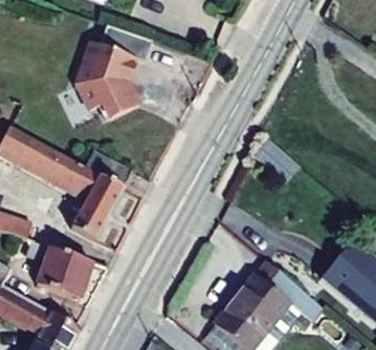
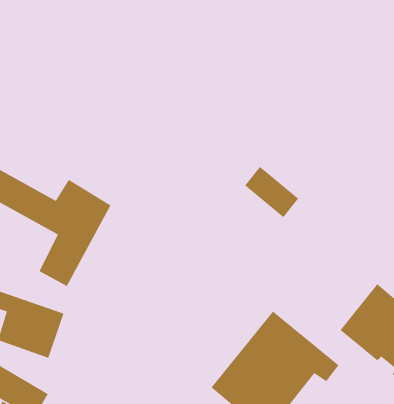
building: [66,27,142,123] -> none

